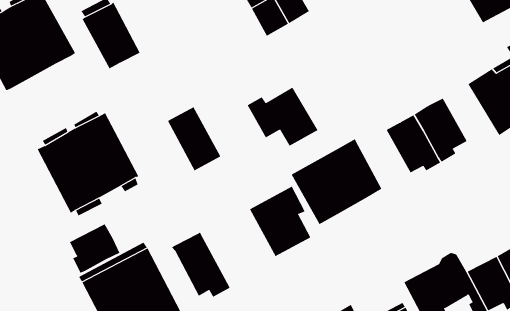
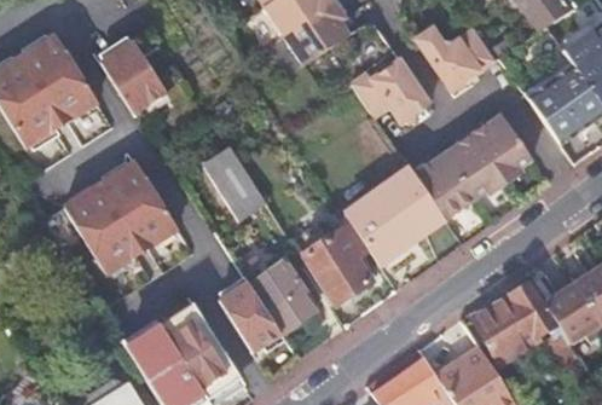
building: none -> [415,24,496,91]
building: [247,87,318,147] -> [351,58,430,123]
building: none -> [413,155,471,219]
building: none -> [250,259,313,330]
building: [69,223,120,274] -> none

